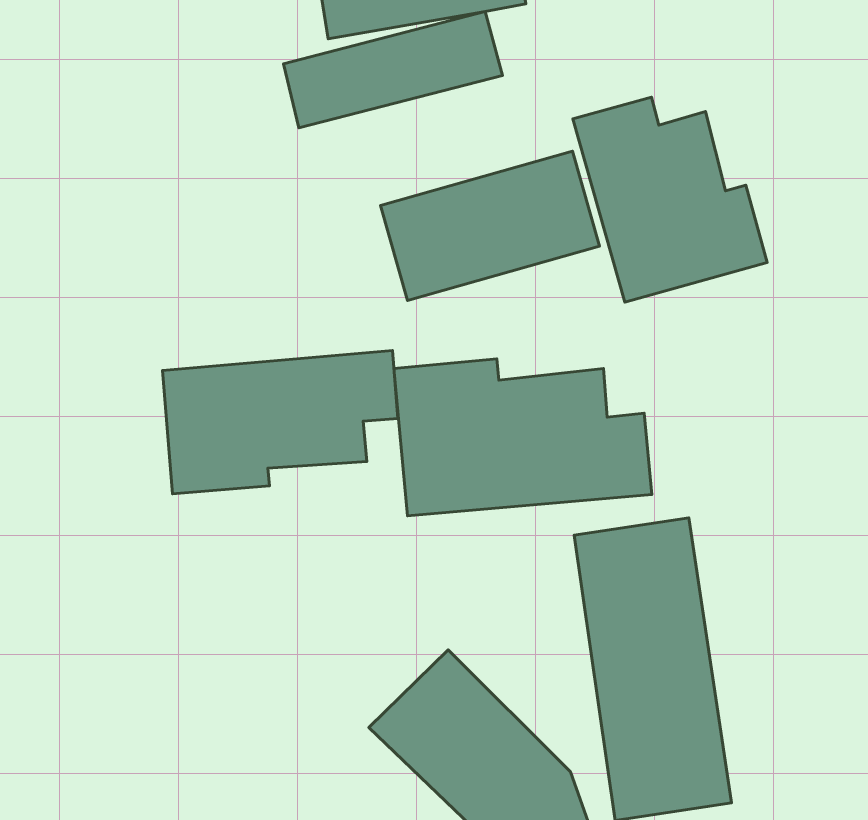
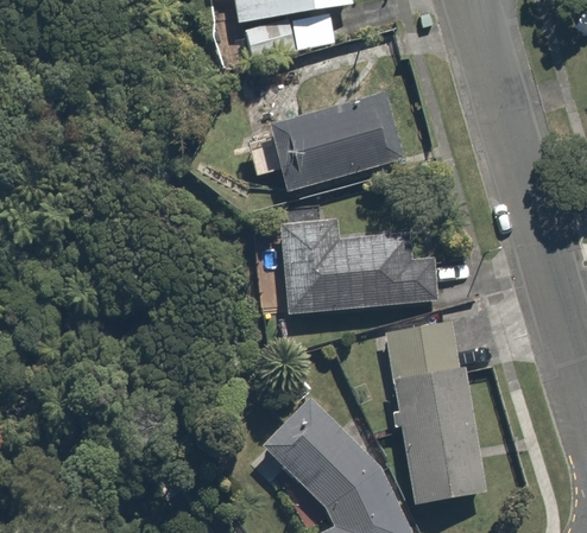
building: [573,97,767,302] -> none
building: [162,350,398,494] -> none

